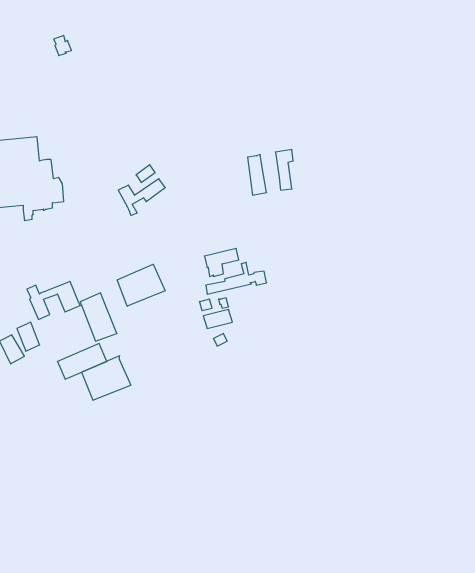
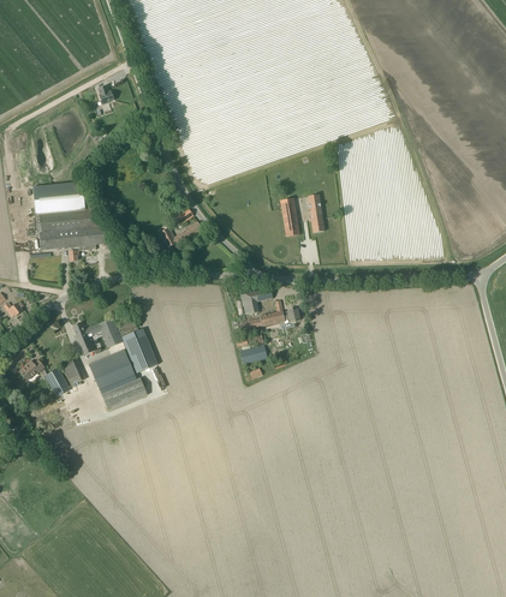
building: [117,264,165,306] -> none
building: [82,356,131,400] -> [89,347,136,389]

